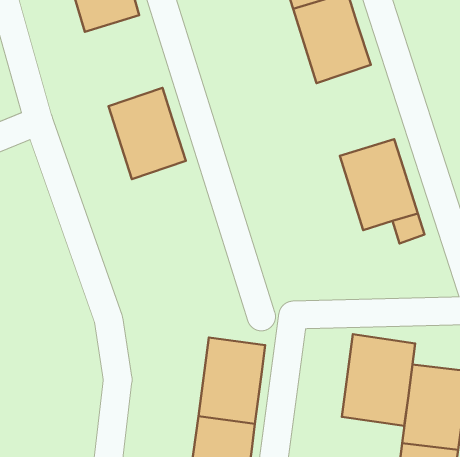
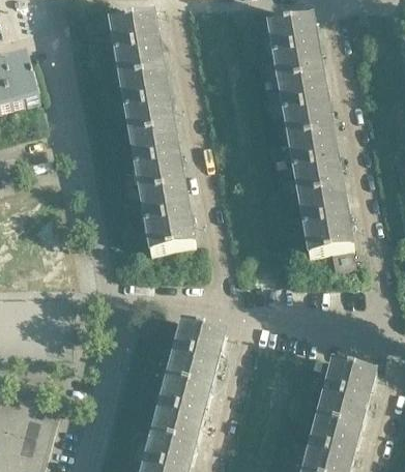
building: none -> [119,66,172,131]
building: none -> [288,126,341,191]
building: none -> [140,180,193,246]
building: [342,334,415,426] -> none

